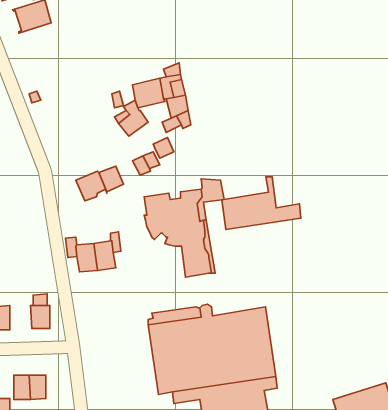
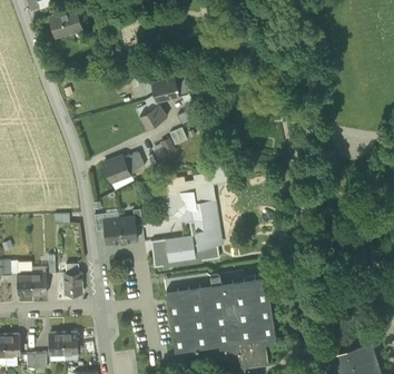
building: [222,177,301,230] -> [151,223,219,268]

